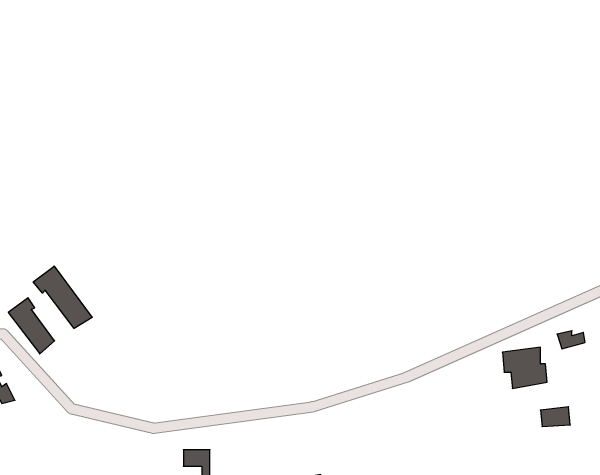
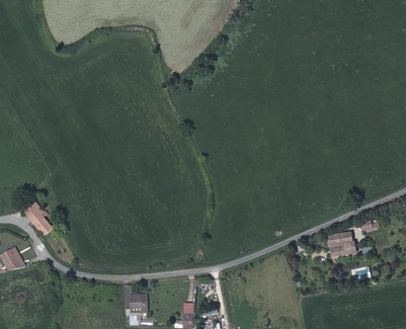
building: [33,266,92,328] -> none

